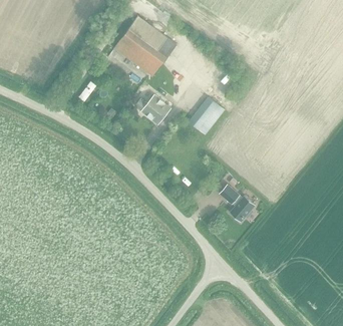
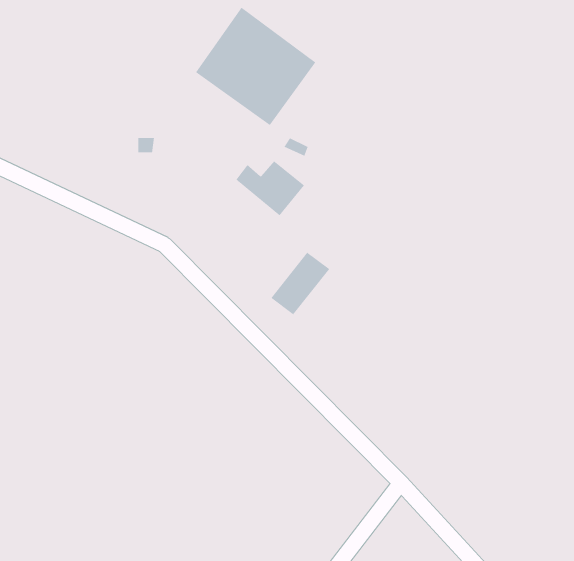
building: [187,96,218,129] -> [270,252,330,315]
building: [219,185,255,223] -> none

